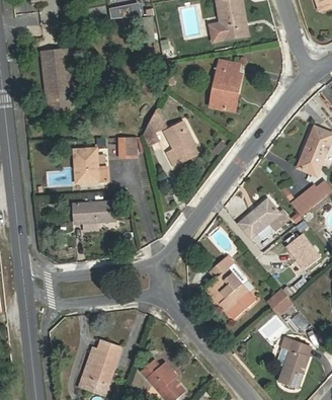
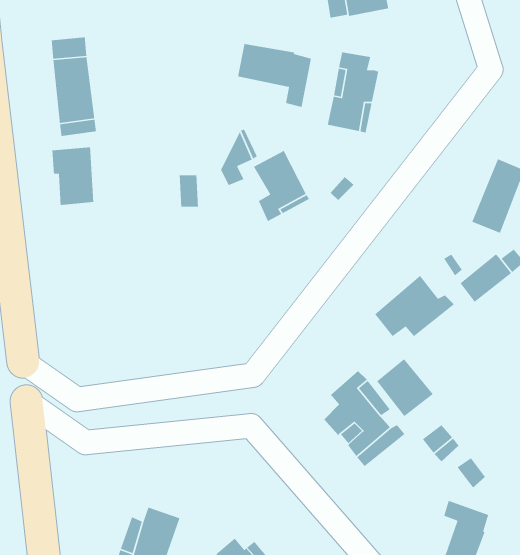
building: none -> [237,43,312,108]
building: [73,148,99,184] -> [51,147,94,206]
building: [73,202,113,223] -> none
building: [285,231,321,267] -> [376,358,434,417]

